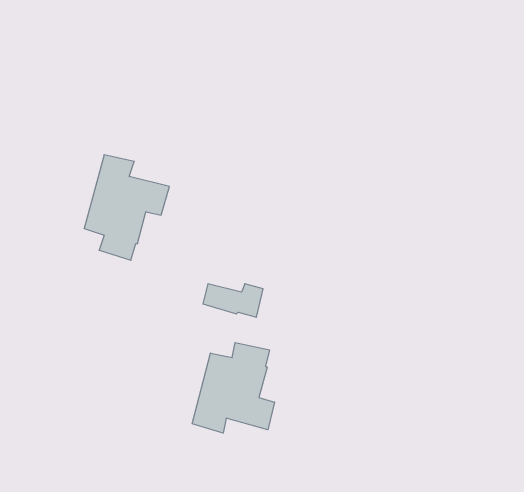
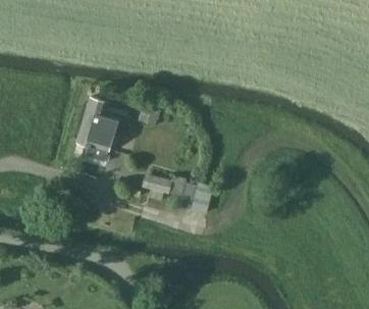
building: [192,343,274,433] -> none

